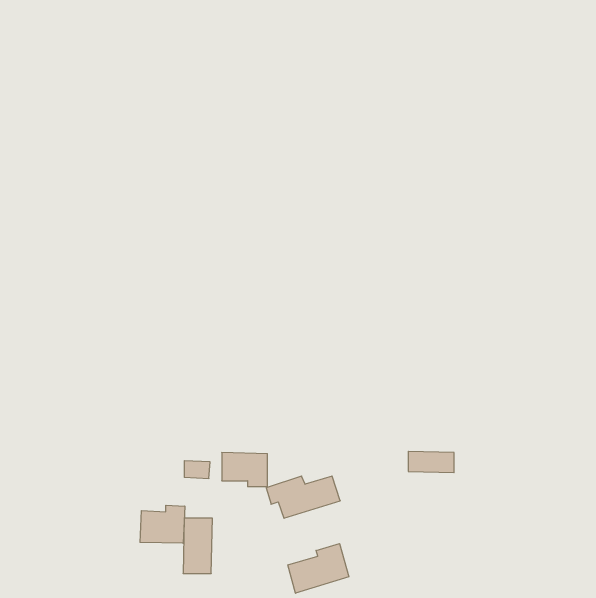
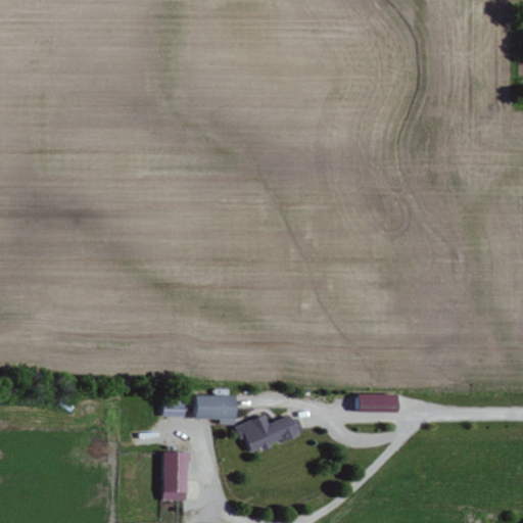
building: [140,505,185,543] -> none
building: [288,544,349,593] -> none

